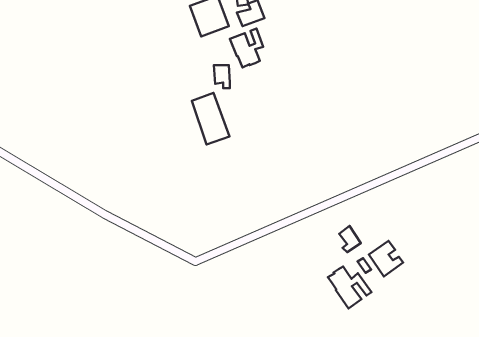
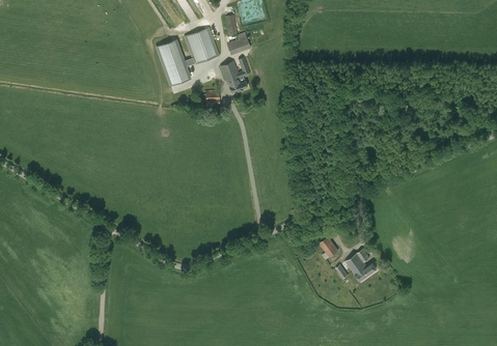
building: [192,93,230,145] -> [156,39,190,86]
building: [328,267,371,308] -> none

